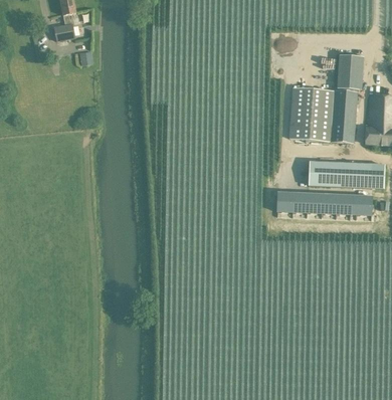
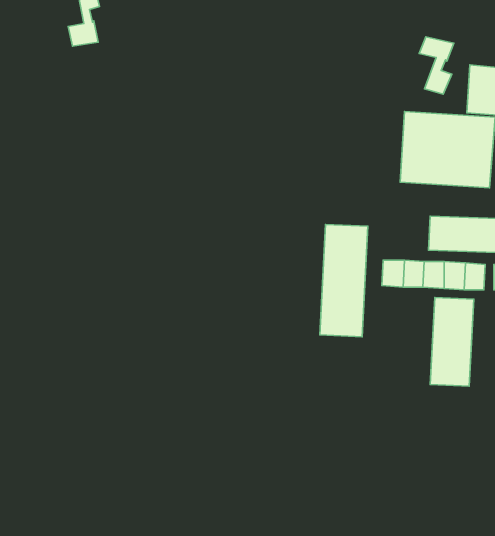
building: none -> [419,37,454,94]
building: none -> [320,224,368,337]
building: none -> [430,297,474,386]

